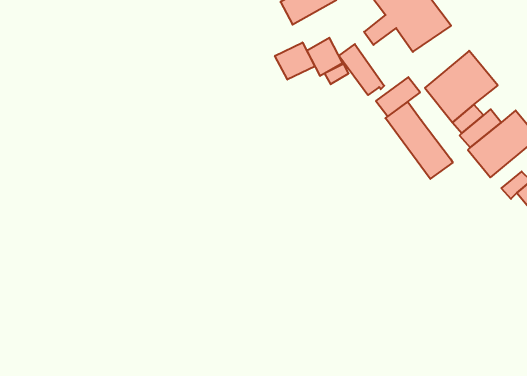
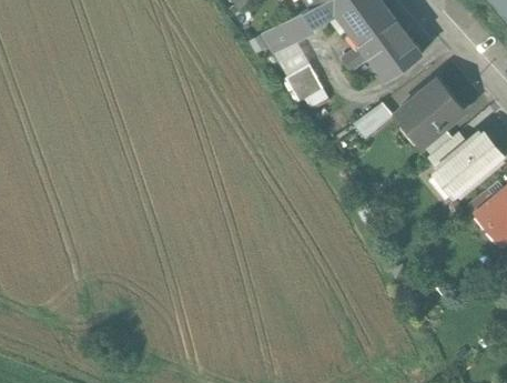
building: [275,42,315,80] -> none
building: [339,44,384,95] -> none
building: [385,102,453,179] -> none

